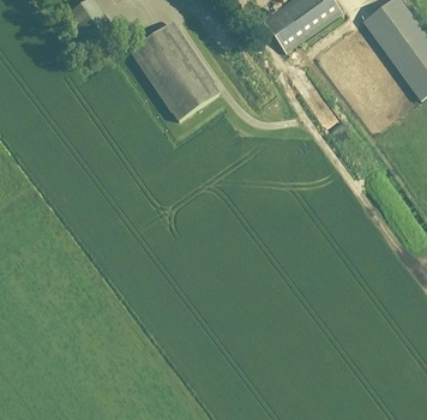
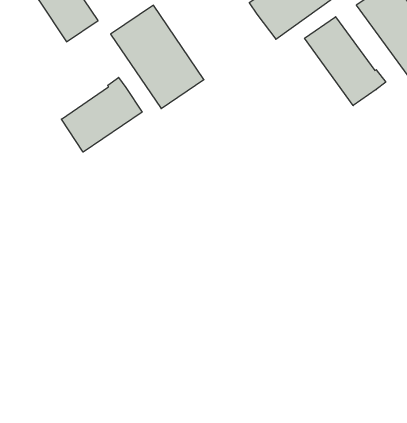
building: none -> [305,17,386,106]
building: none -> [61,77,142,152]

